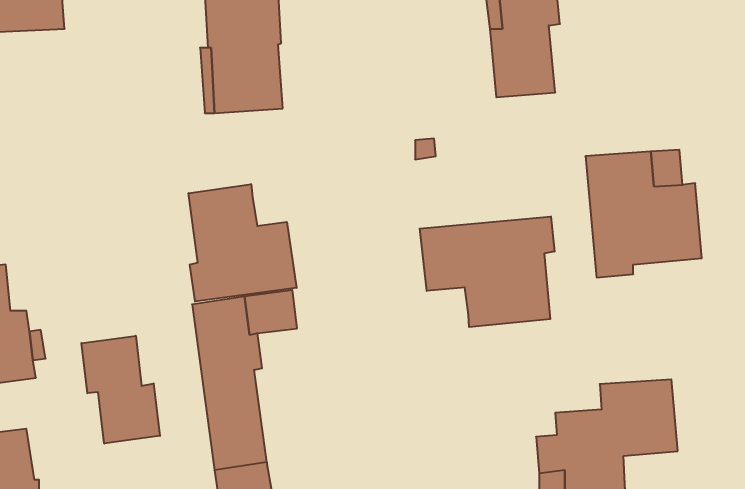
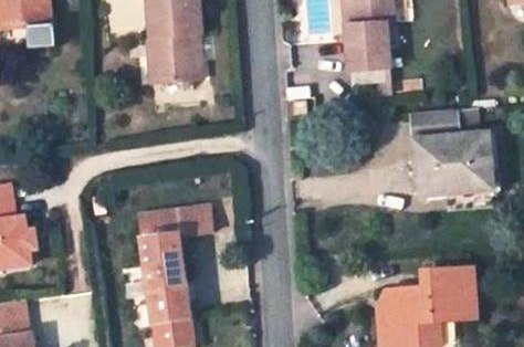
building: [189,184,297,302] -> none
building: [420,216,554,327] -> none
building: [81,336,160,444] -> none

